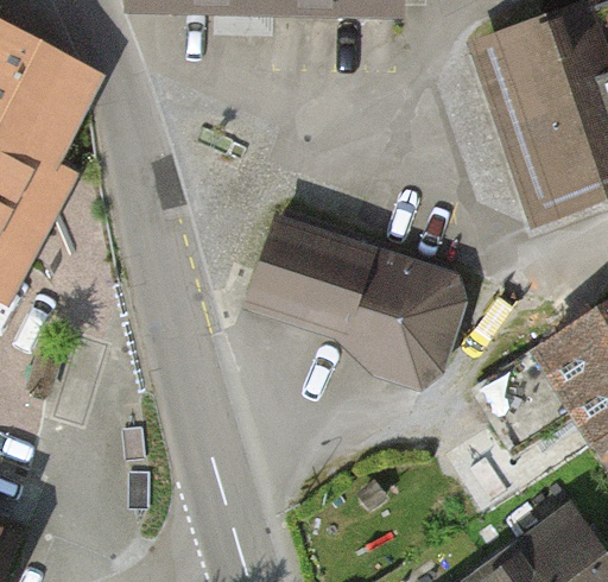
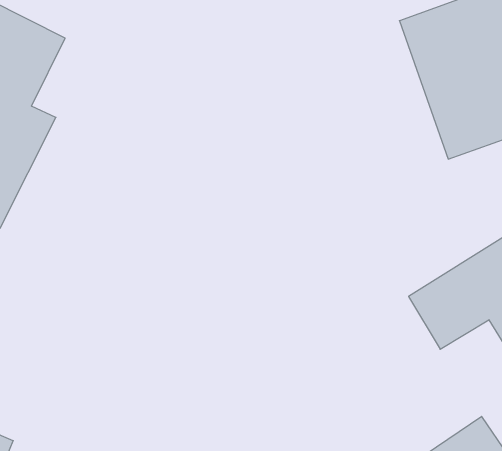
building: [253,215,467,379] -> none

